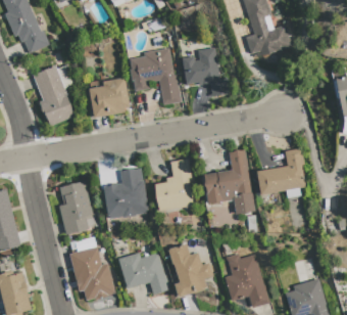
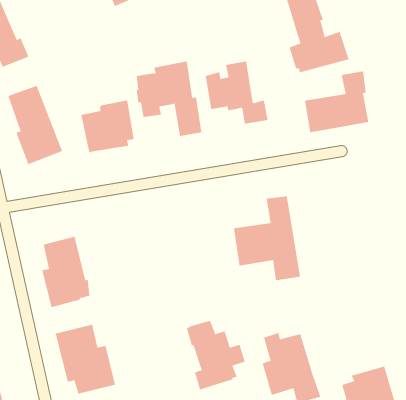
building: [257,148,306,195] -> [304,71,369,133]
building: [155,160,193,211] -> none
building: [104,169,148,219] -> none
building: [118,253,170,295] -> none

